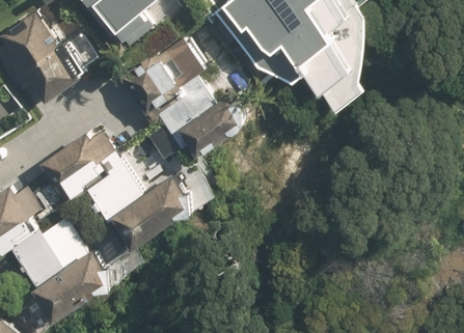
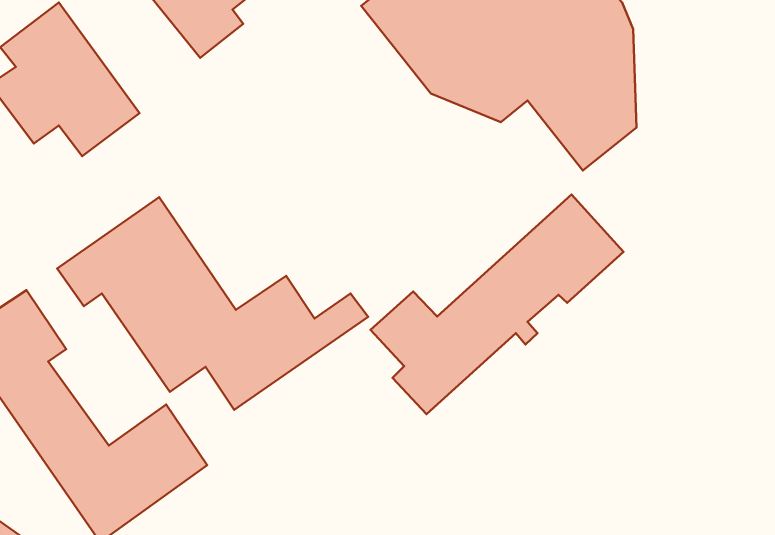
building: [125,46,244,162] -> none
building: none -> [370,194,624,414]

